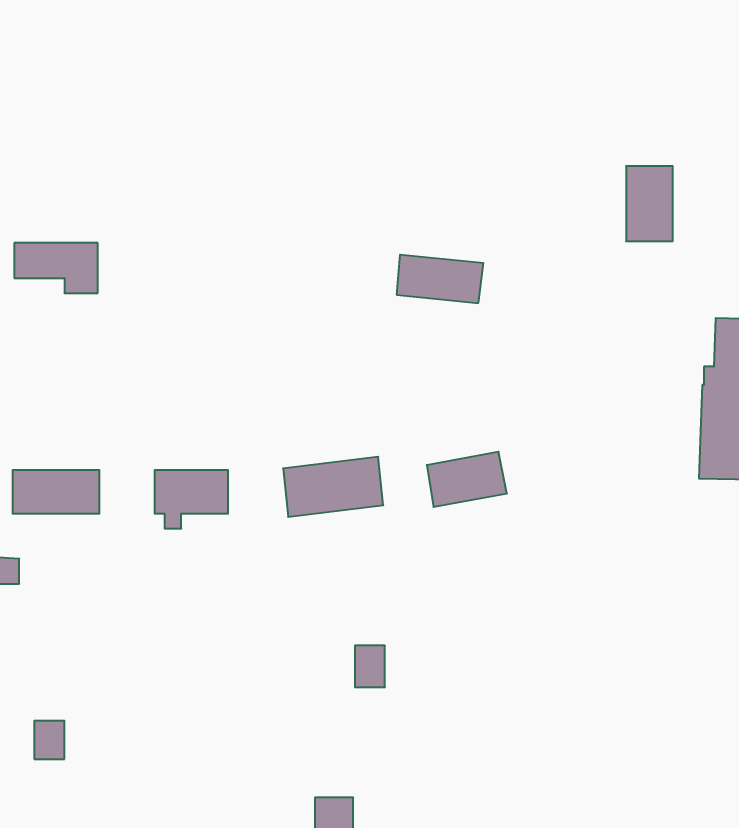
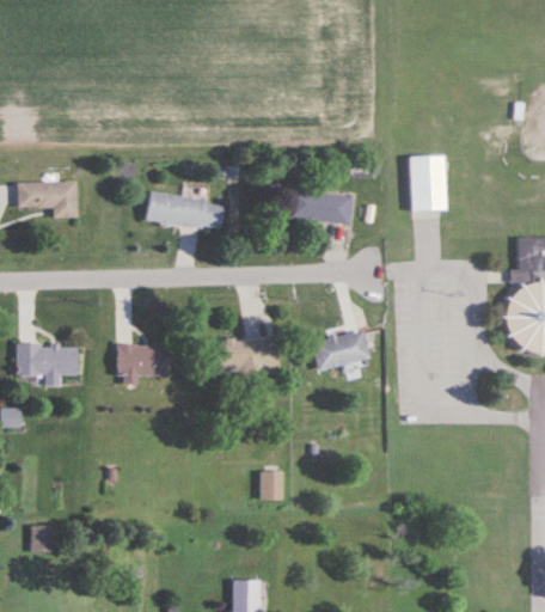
building: [626,166,673,241] -> [411,158,445,212]
building: none -> [146,194,223,232]

